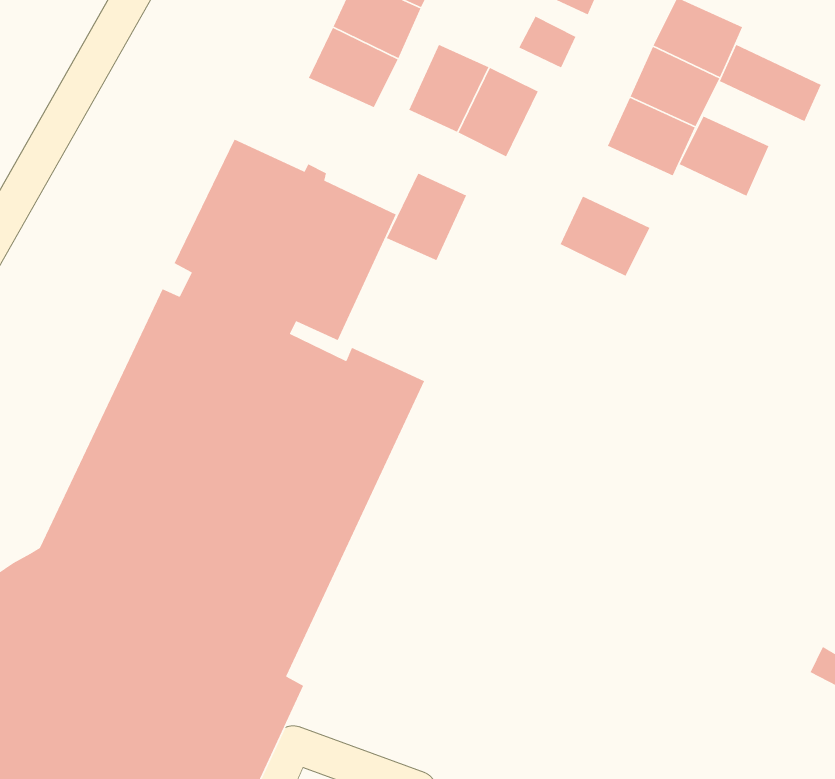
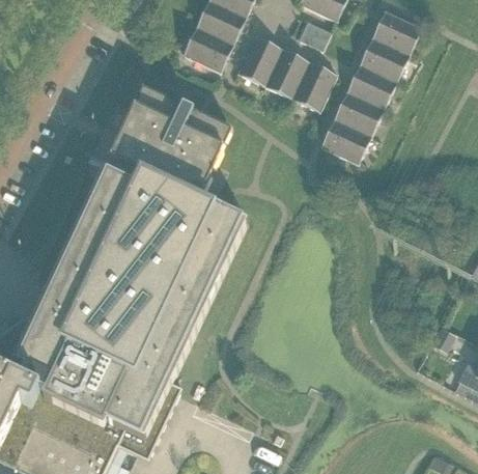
building: [719,44,822,122] -> none
building: [679,115,769,197] -> [333,92,383,137]
building: [386,172,467,261] -> [291,62,336,111]

